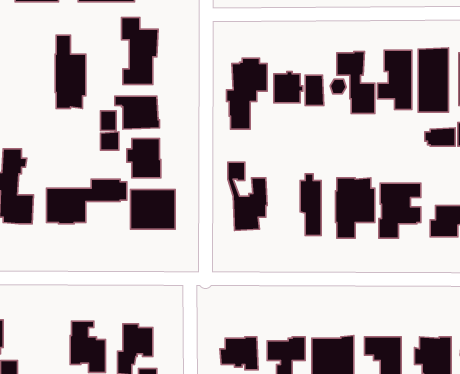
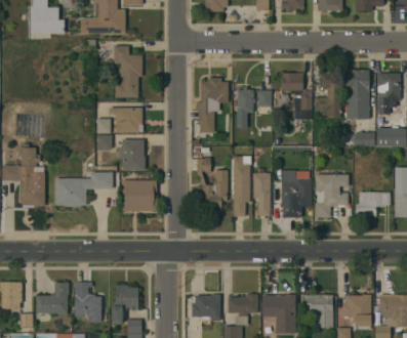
building: [55,35,86,109] -> none
building: none -> [233,156,251,216]
building: none -> [36,282,69,314]

